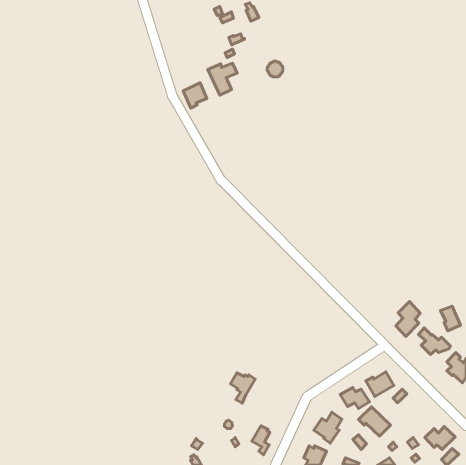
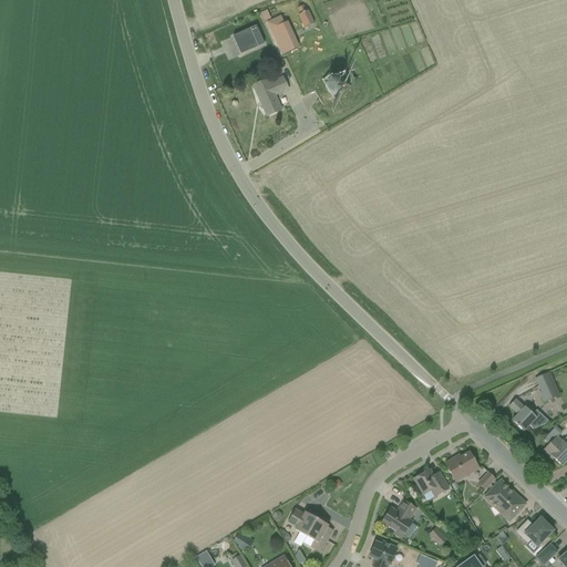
building: none -> [233,25,264,53]
building: [183,83,207,108] -> none
building: [396,301,420,336] -> none
building: [230,373,255,403] -> [287,508,317,545]
building: [359,407,391,436] -> [485,481,524,516]

